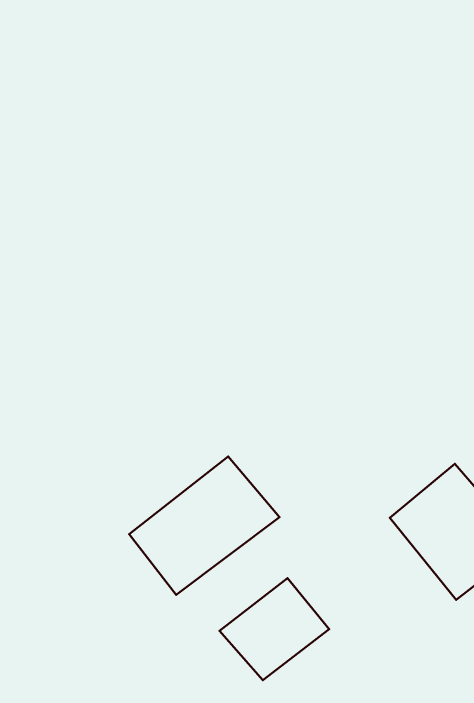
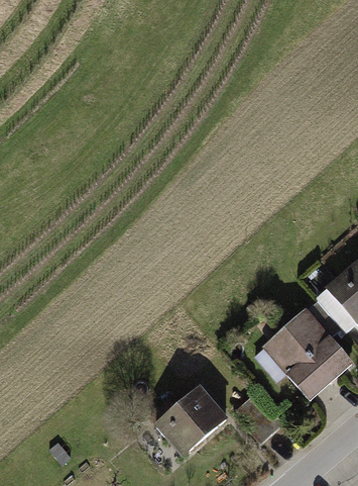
building: [129,456,280,595] -> none

